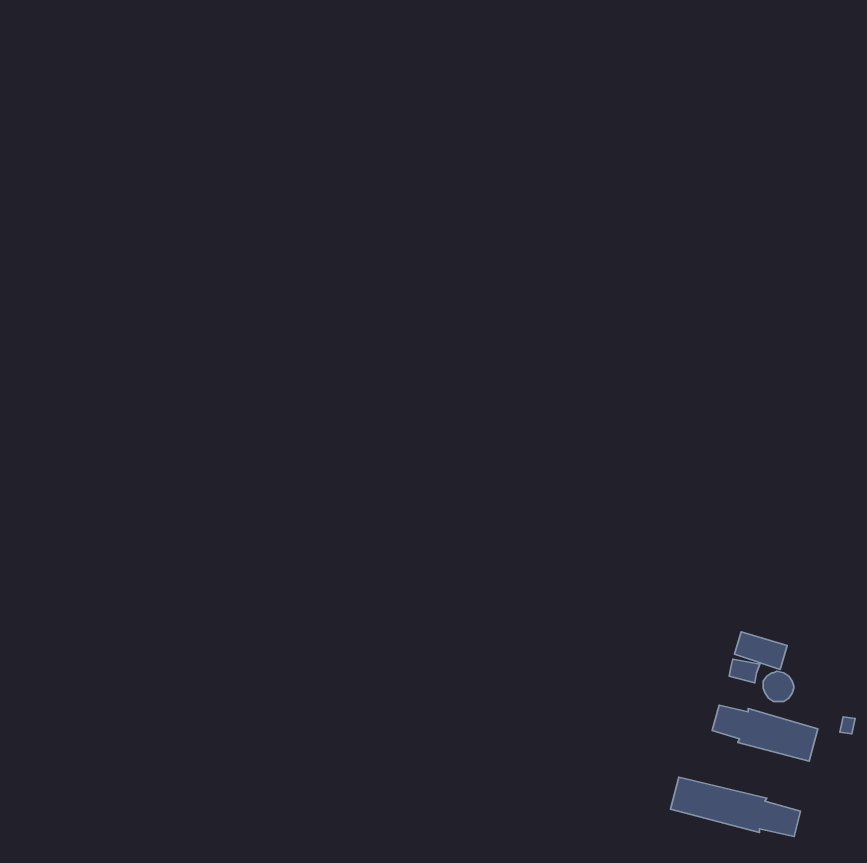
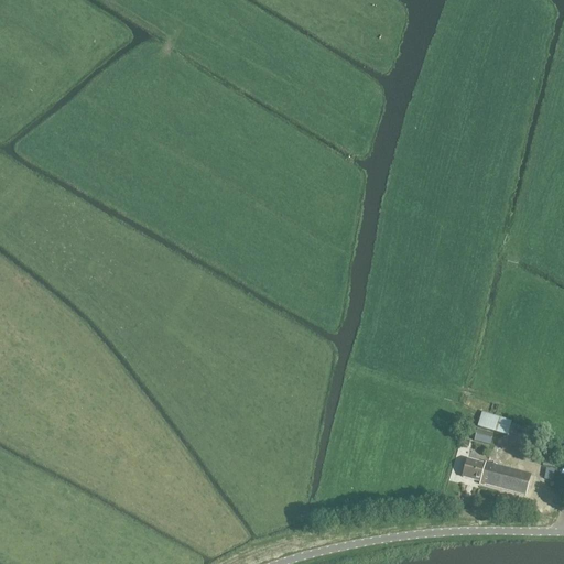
building: [670,777,801,837] -> none

